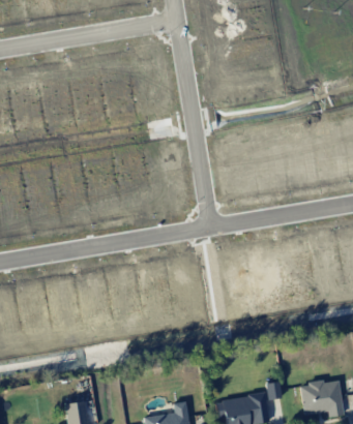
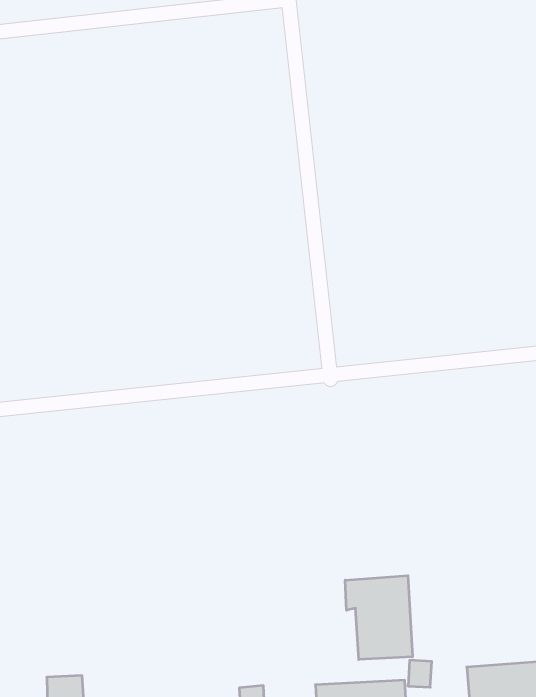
building: none -> [345,576,412,660]

